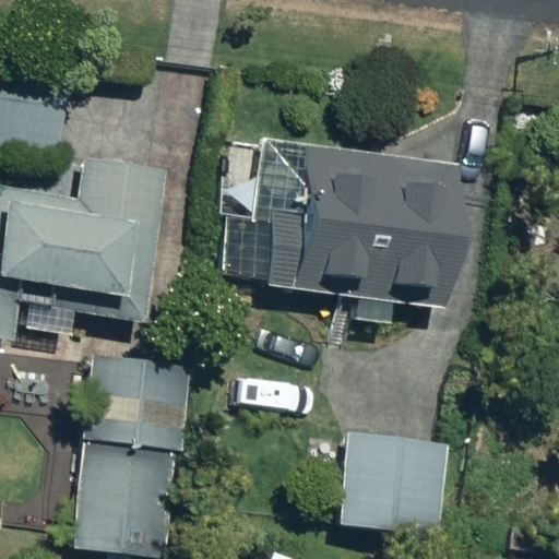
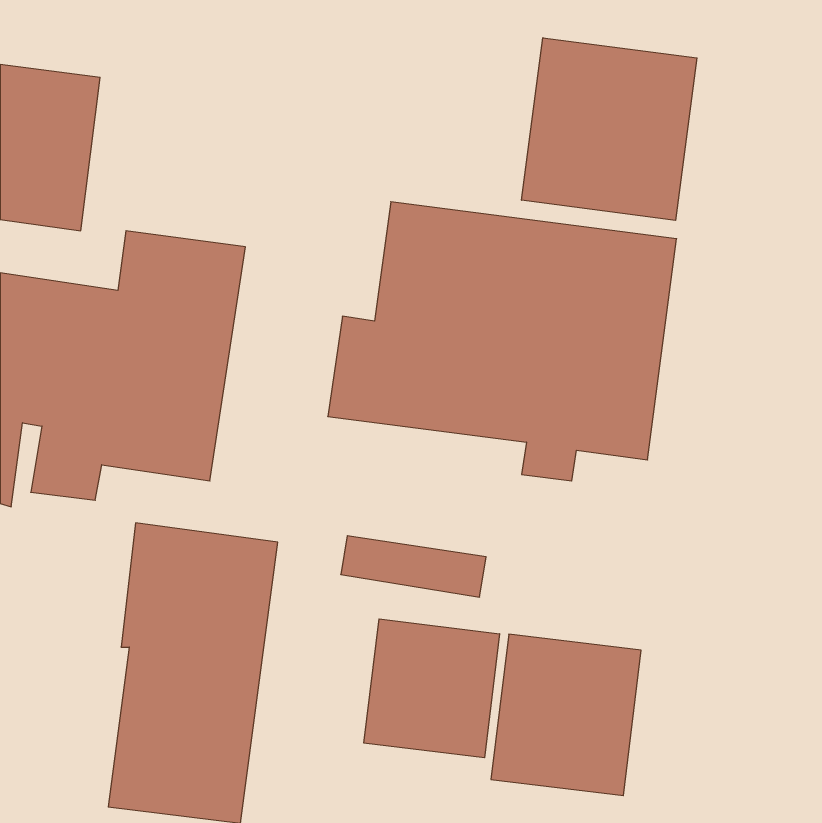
building: none -> [522,38,697,220]
building: none -> [364,619,500,758]

